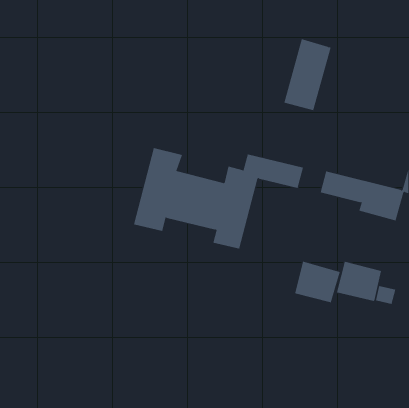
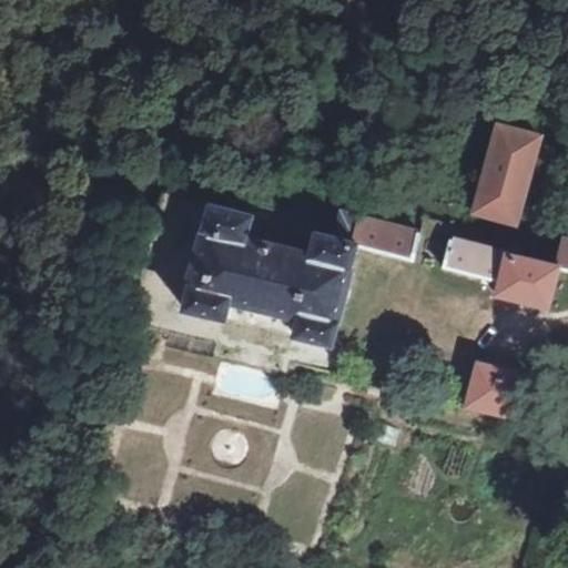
building: [283,39,332,111] -> [471,122,538,222]
building: [295,261,340,303] -> none

